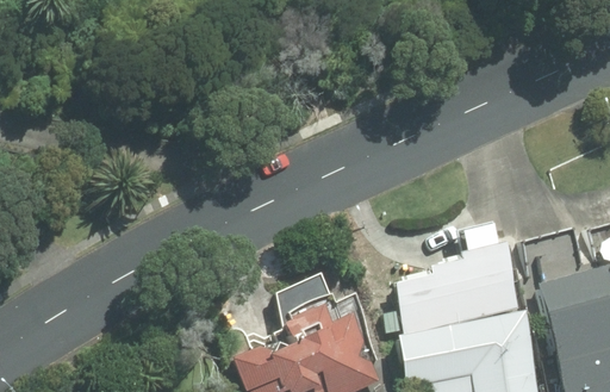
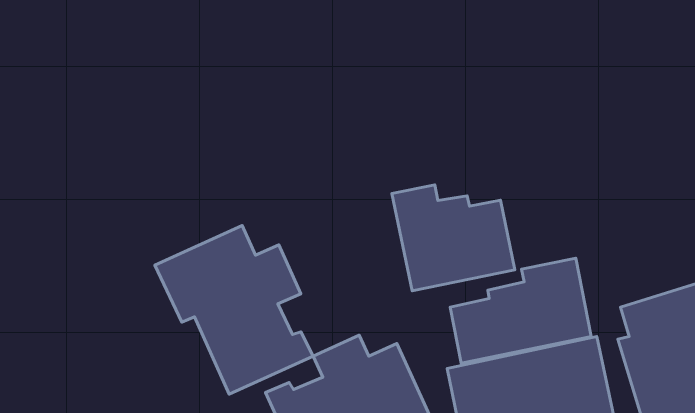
building: none -> [392,185,515,291]
building: none -> [155,226,313,394]

